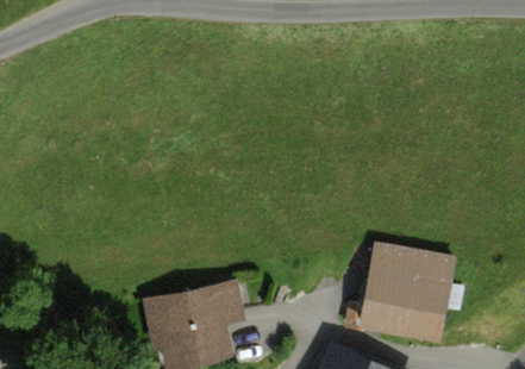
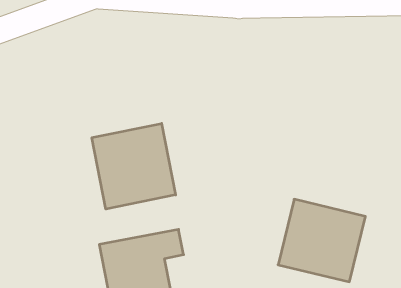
building: none -> [92,123,176,209]

